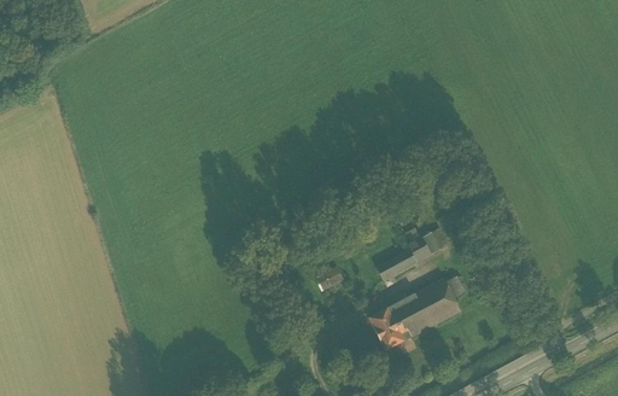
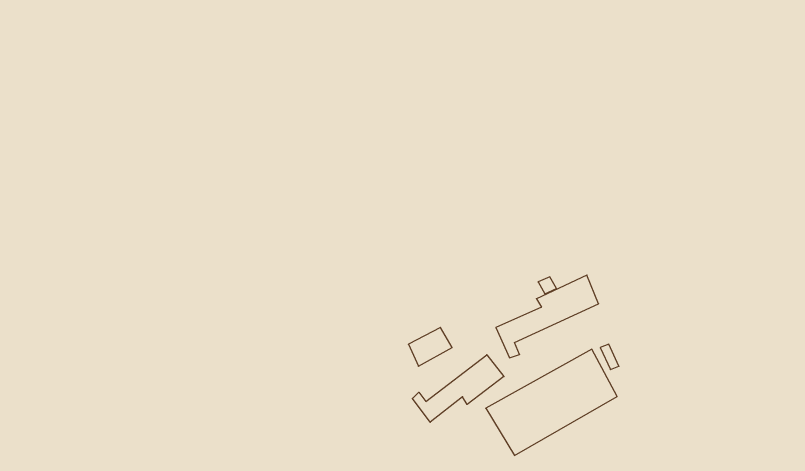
building: none -> [412,355,504,422]

